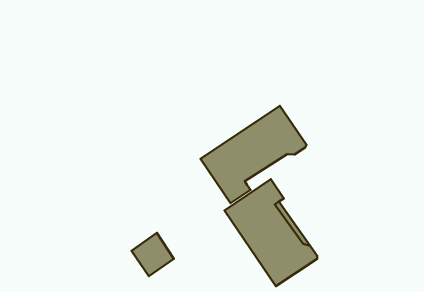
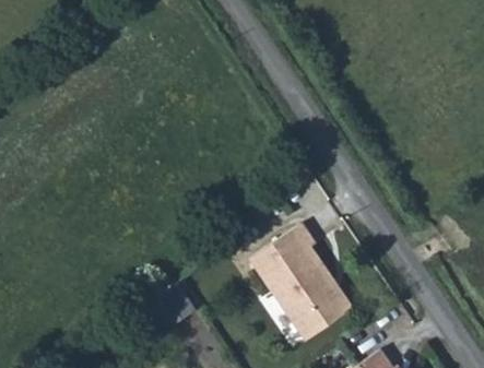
building: [201,106,307,203] -> none

